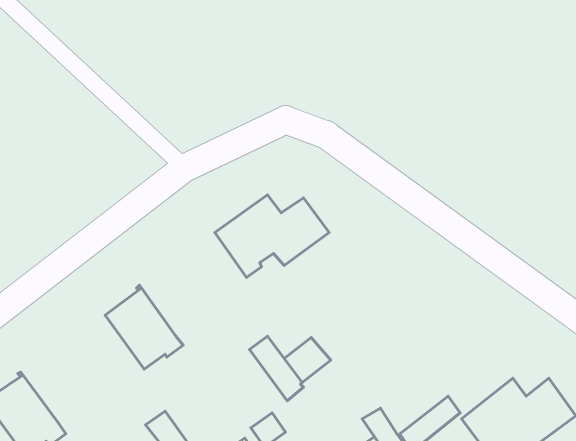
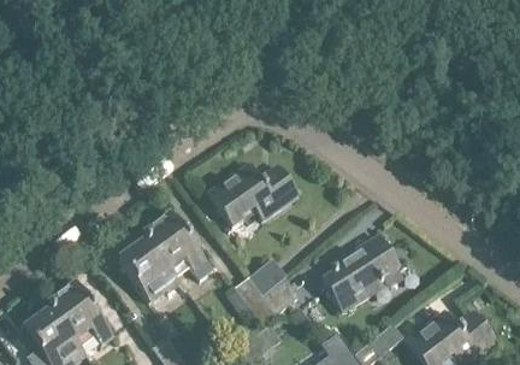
building: none -> [143,212,212,279]
building: none -> [319,235,397,311]
building: none -> [248,257,285,294]
building: none -> [48,282,113,346]

